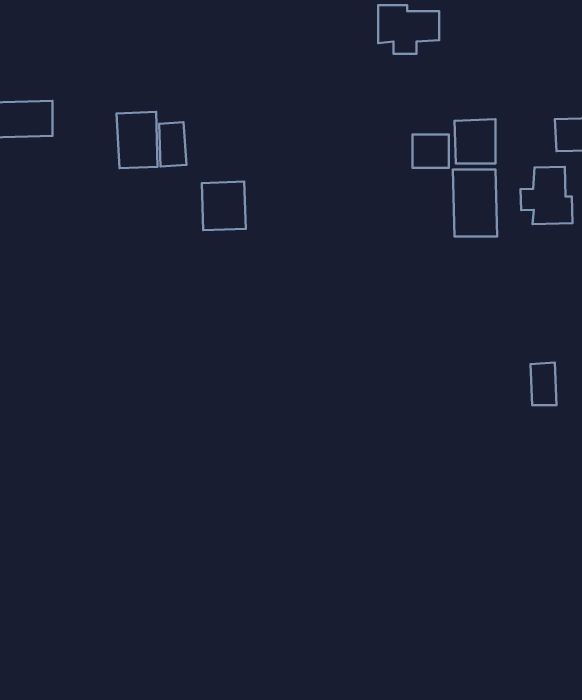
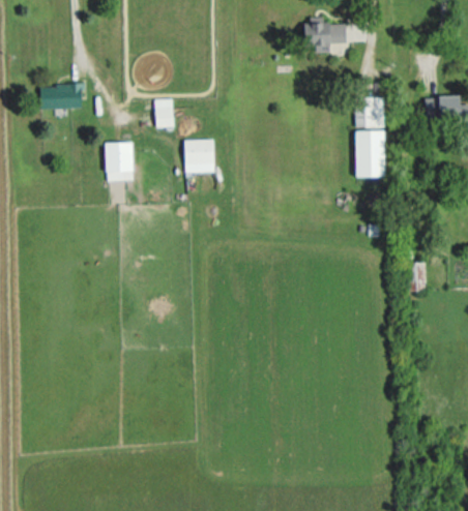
building: [117,112,158,168] -> [105,143,133,181]
building: [412,134,449,168] -> none
building: [521,167,572,224] -> none

